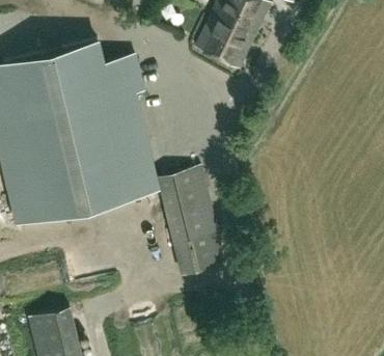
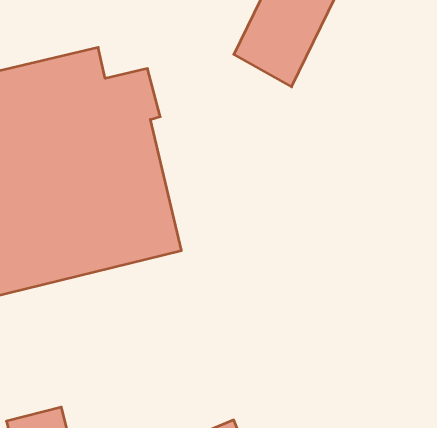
building: [157,168,224,276] -> none

